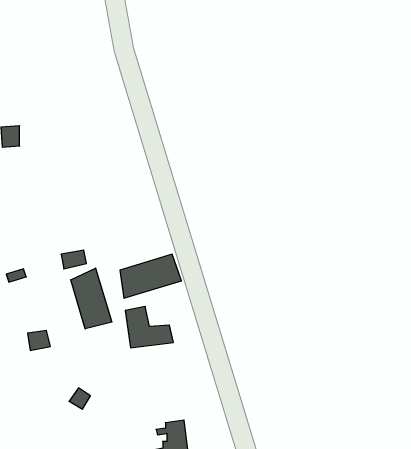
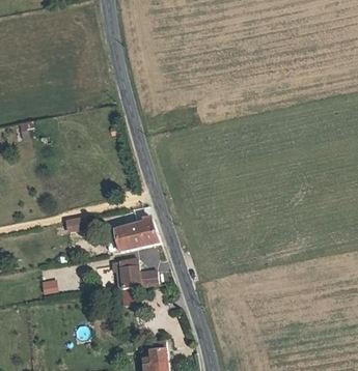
building: [71,268,112,329] -> none

